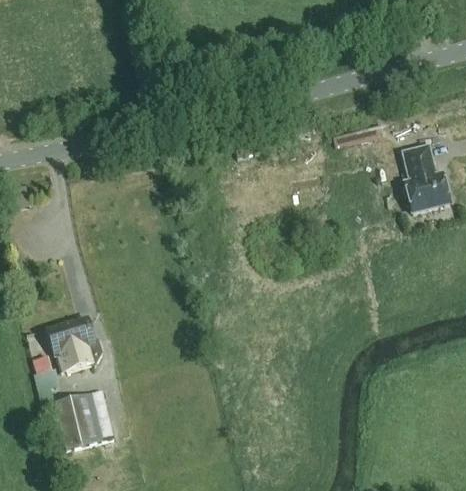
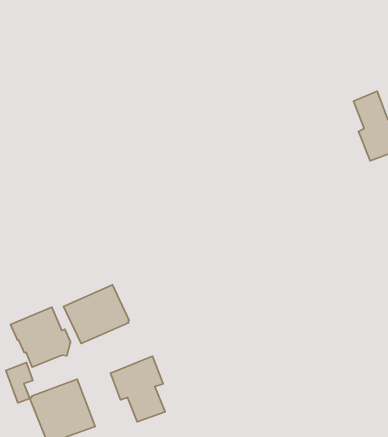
building: none -> [64,285,129,343]
building: none -> [110,356,165,422]

